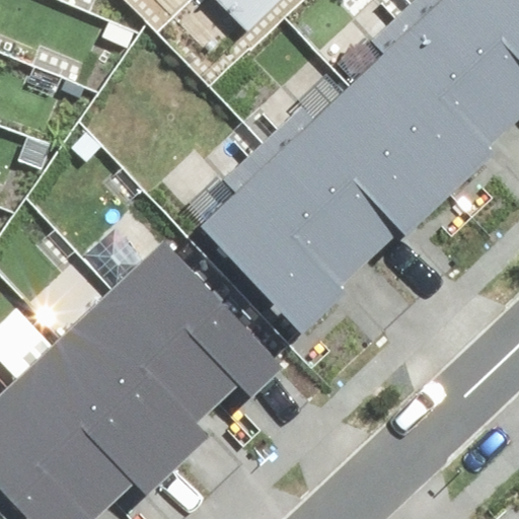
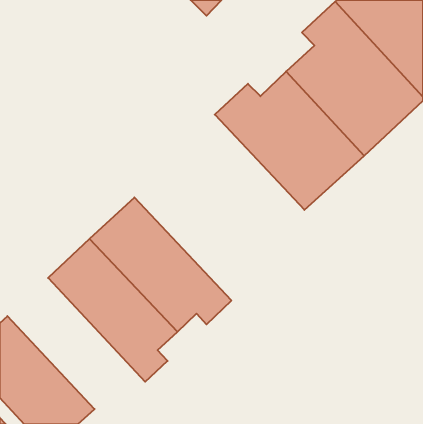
building: [203,140,372,326] -> none
building: [9,340,177,500] -> none

